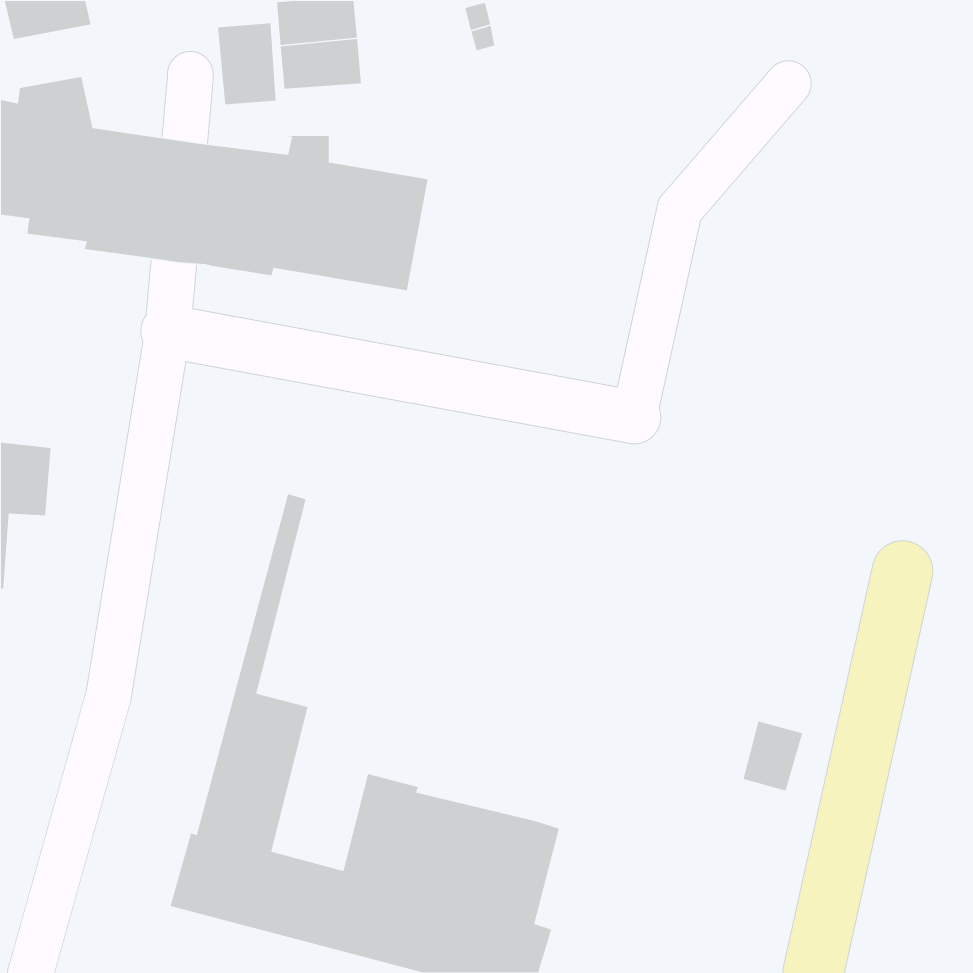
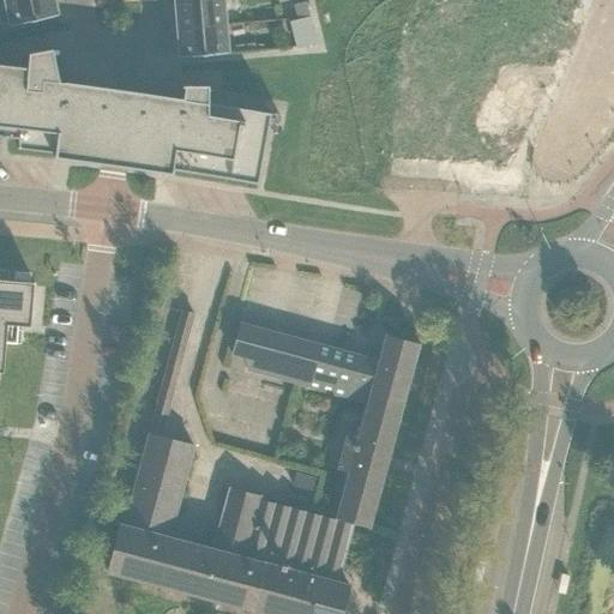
building: [217,22,276,105] -> none
building: none -> [233,324,417,525]
building: [743,720,803,791] -> none

